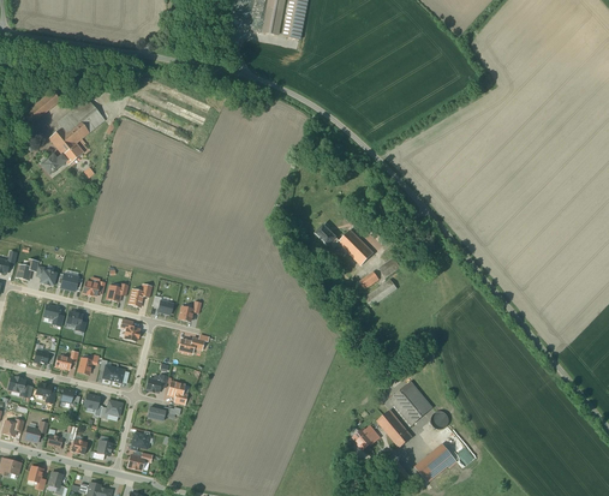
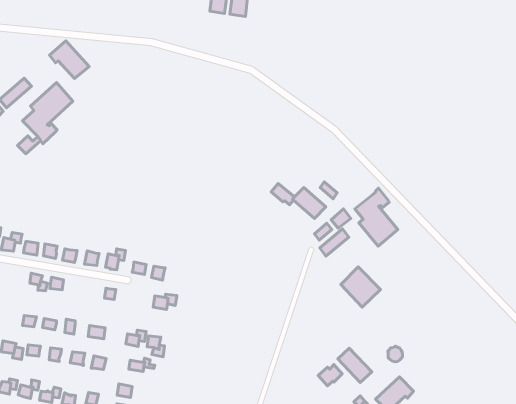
building: none -> [50,41,89,78]
building: none -> [355,188,398,246]
building: [389,381,432,425] -> [341,267,381,307]

